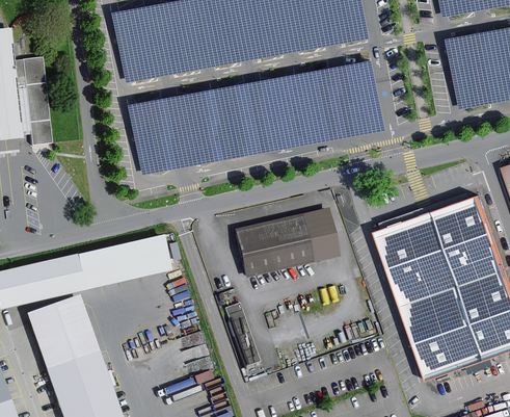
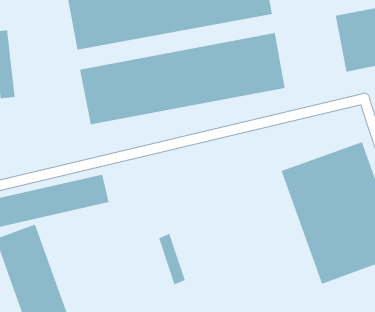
building: [233,208,337,279] -> none

